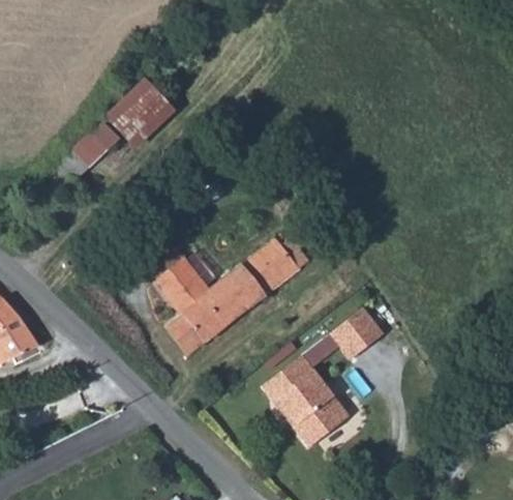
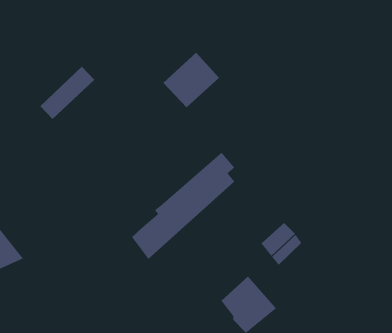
building: [105,68,178,140] -> [163,52,220,108]
building: [159,265,206,317] -> none
building: [264,360,318,409] -> none

